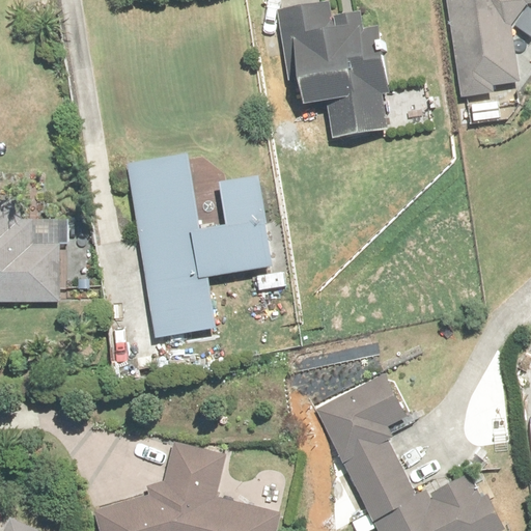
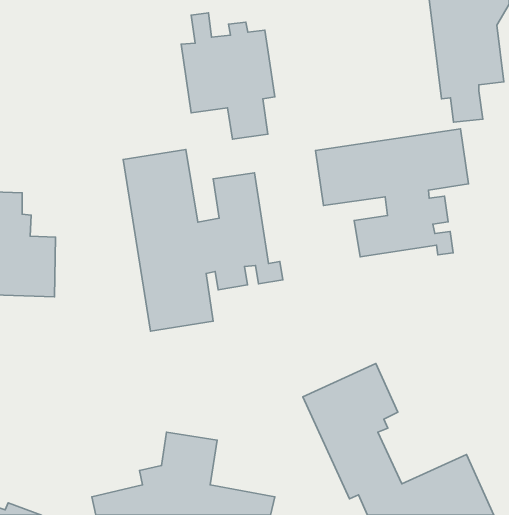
building: [298,4,394,134] -> [181,13,275,139]
building: none -> [316,129,468,257]

